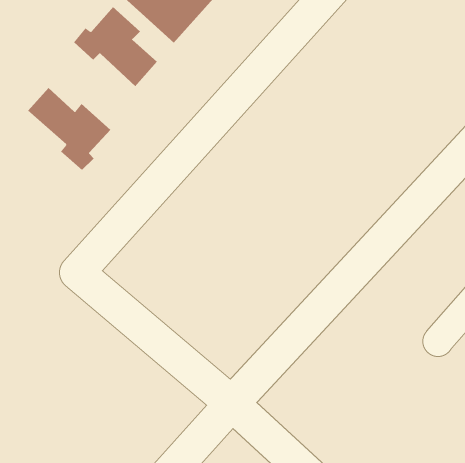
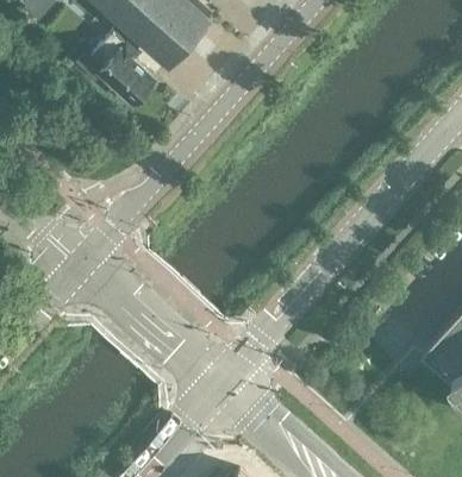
building: [27,87,111,171] -> none

